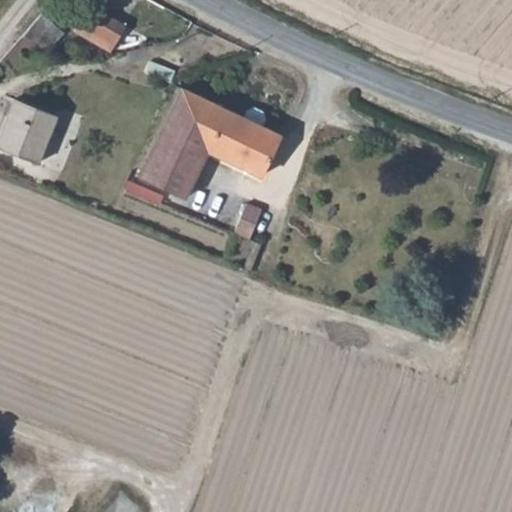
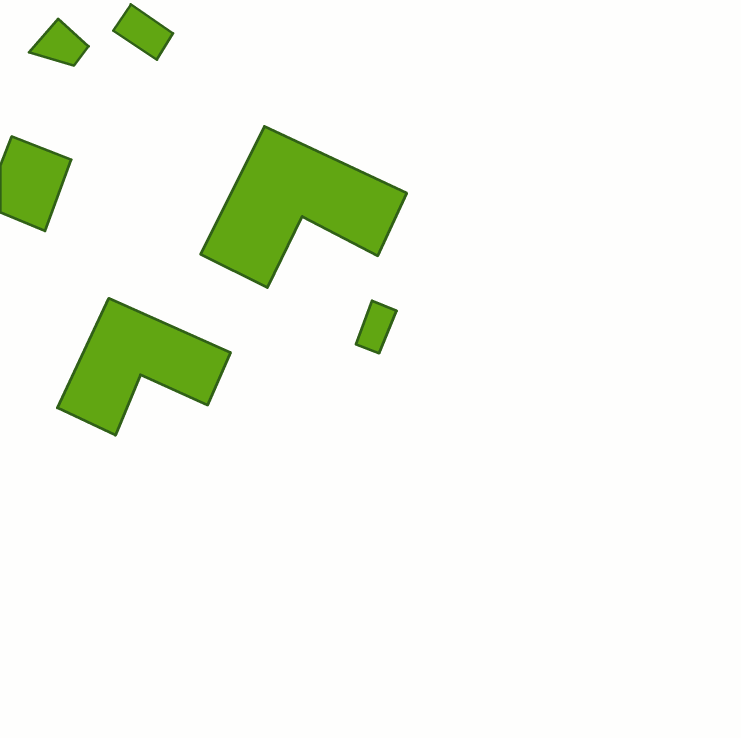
building: none -> [57,298,230,435]

